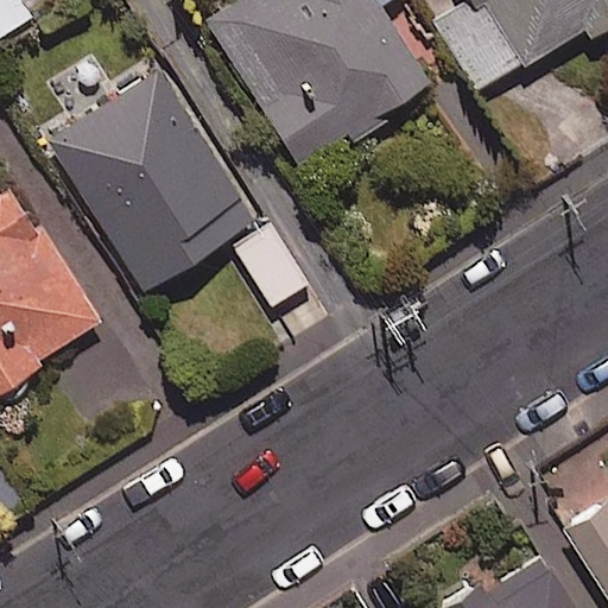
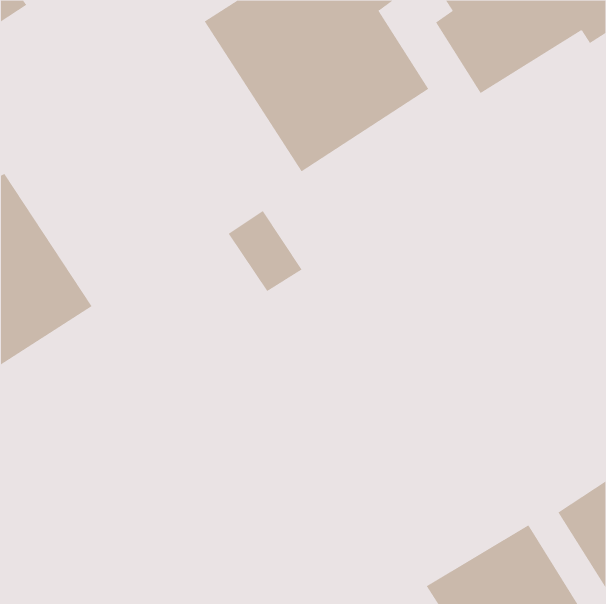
building: [43,59,248,278] -> none

